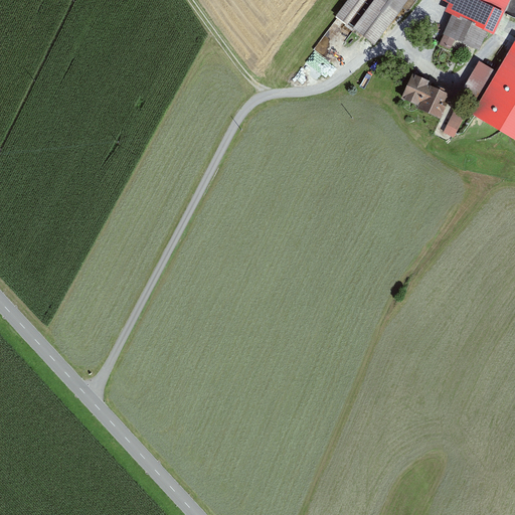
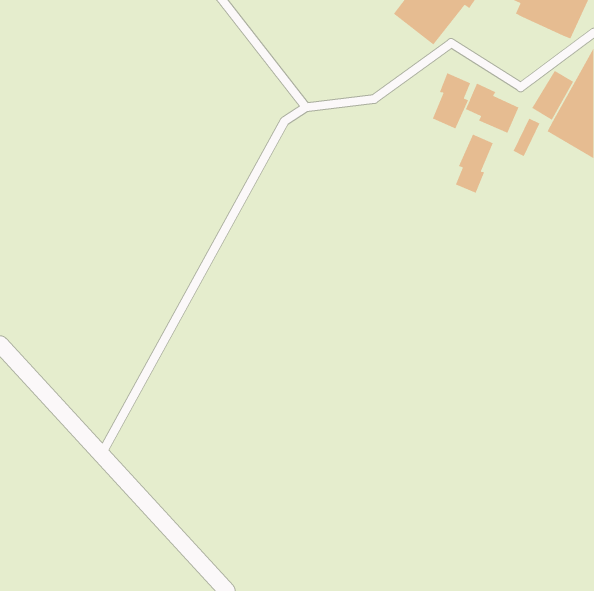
building: [440,15,487,50] -> none
building: none -> [432,72,471,129]
building: none -> [455,134,494,194]

